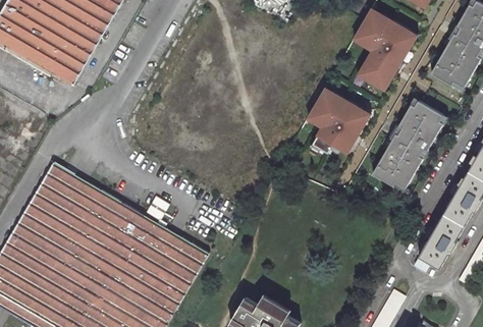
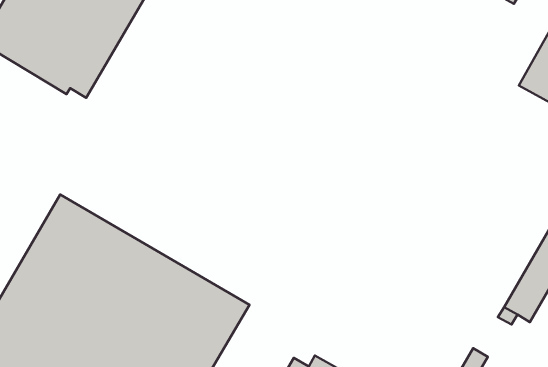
building: [355,9,417,91] -> none
building: [306,87,371,153] -> none
building: [370,98,445,193] -> none

